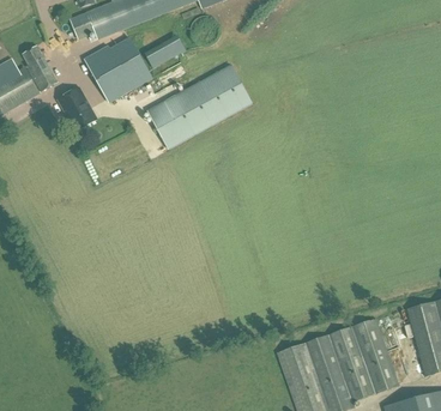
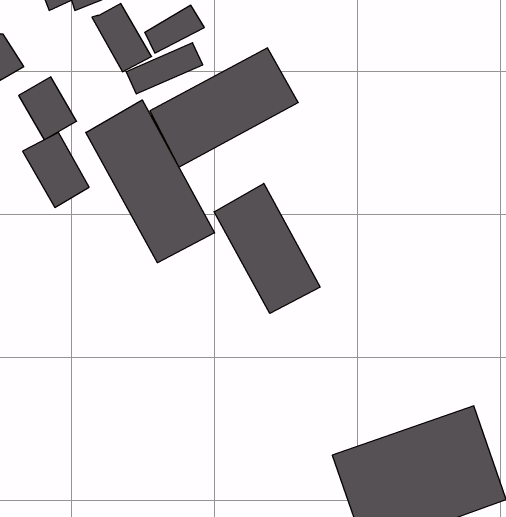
building: [81,44,128,97] -> [23,133,89,207]
building: none -> [86,100,215,263]
building: none -> [214,183,320,313]

